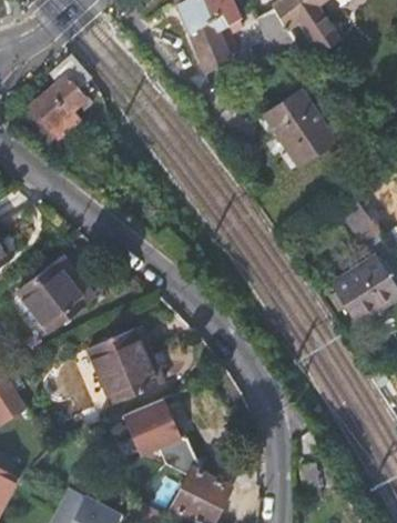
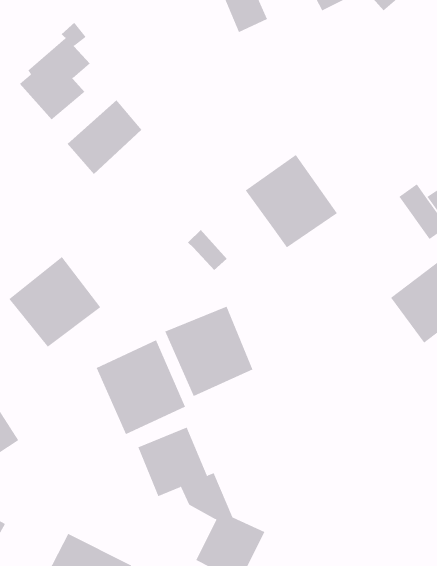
building: [256,91,333,169] -> [245,154,338,248]
building: none -> [67,100,142,175]
building: none -> [165,306,253,397]

